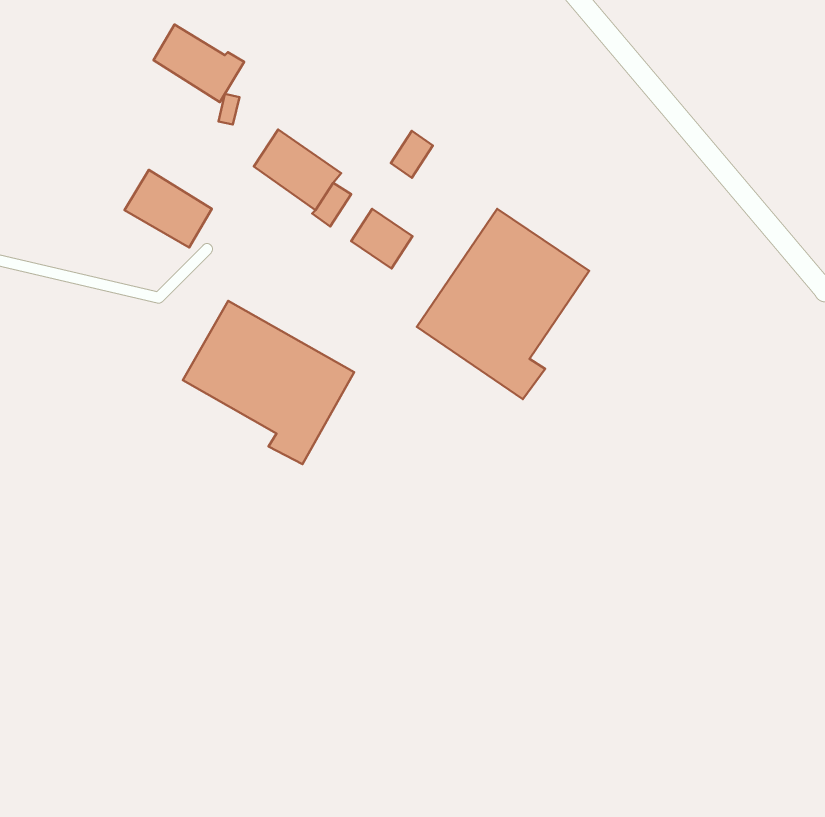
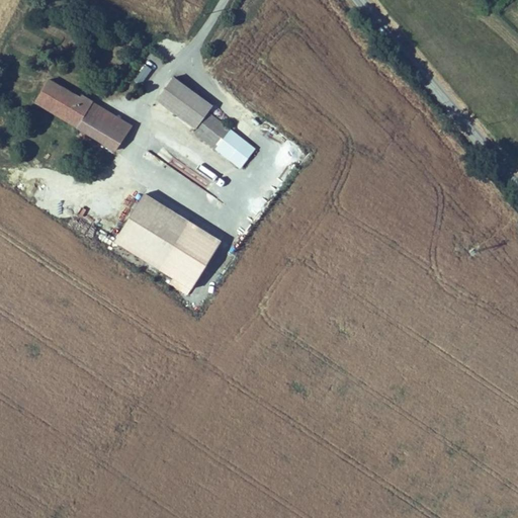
building: [154,25,244,102] -> [36,83,93,132]
building: [391,131,433,178] -> [206,121,233,151]
building: [417,209,589,399] -> none

